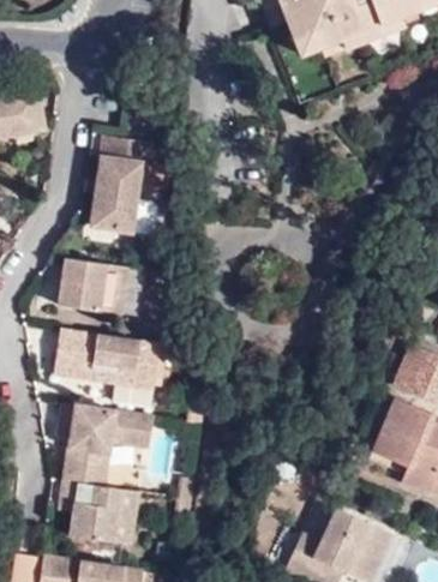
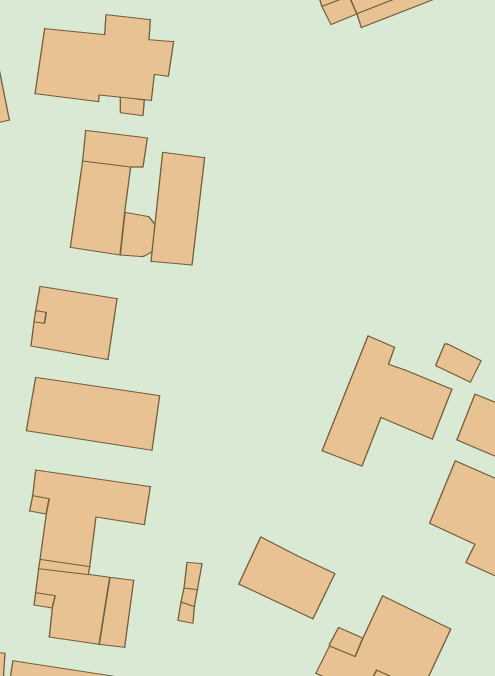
building: none -> [35,15,173,102]
building: none -> [151,152,204,265]
building: none -> [322,336,452,466]
building: none -> [239,537,335,619]

